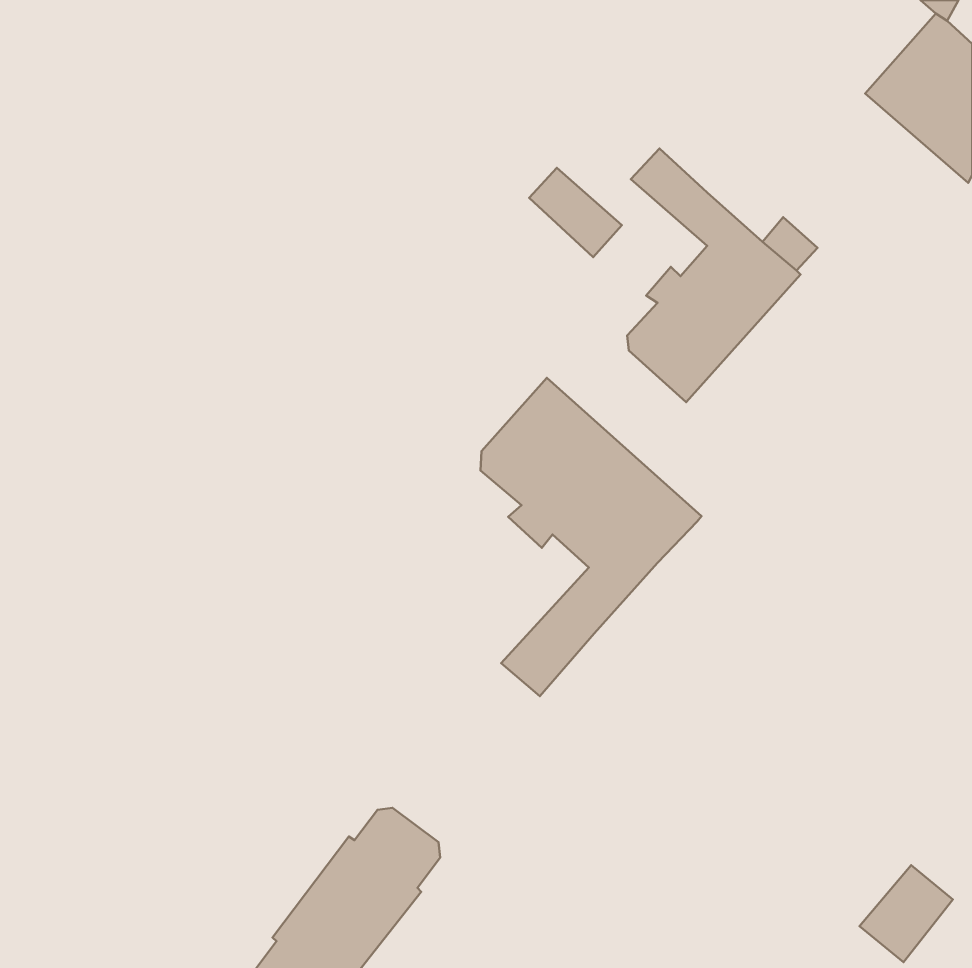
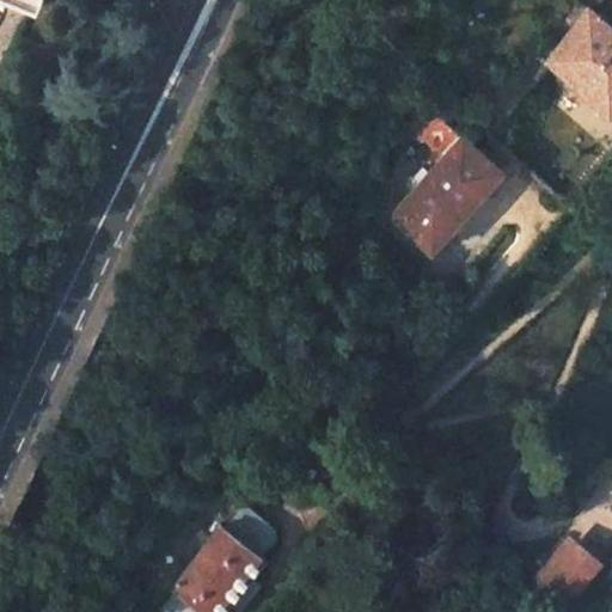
building: [529,168,622,257] -> none
building: [481,378,702,696] -> none

